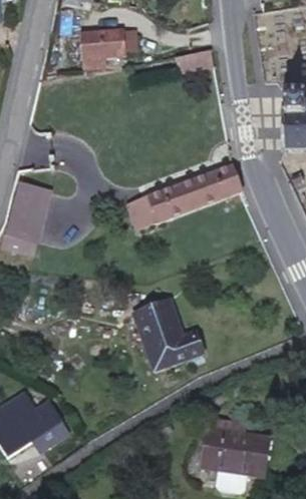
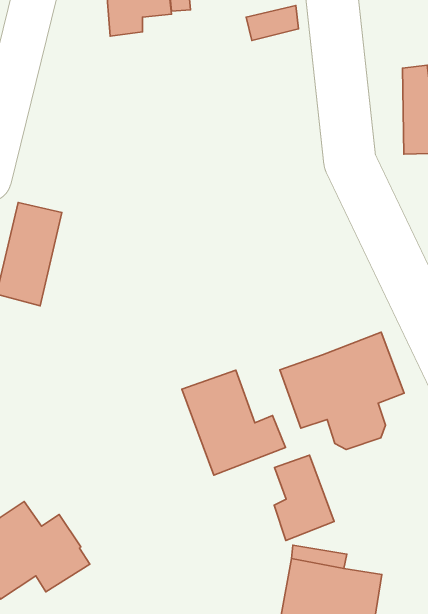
building: [127,163,241,228] -> none
building: none -> [280,332,404,450]
building: none -> [274,455,334,540]

